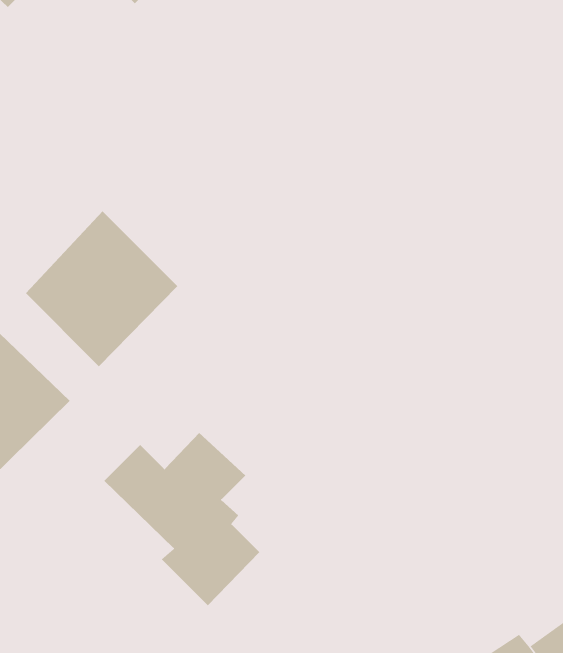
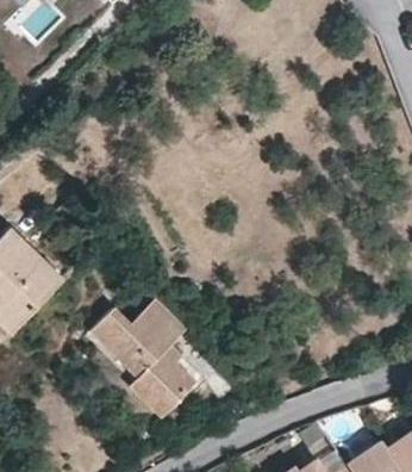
building: [25,211,178,367] -> none

